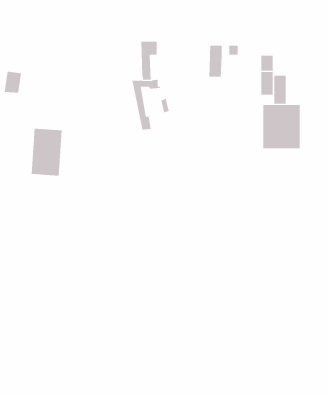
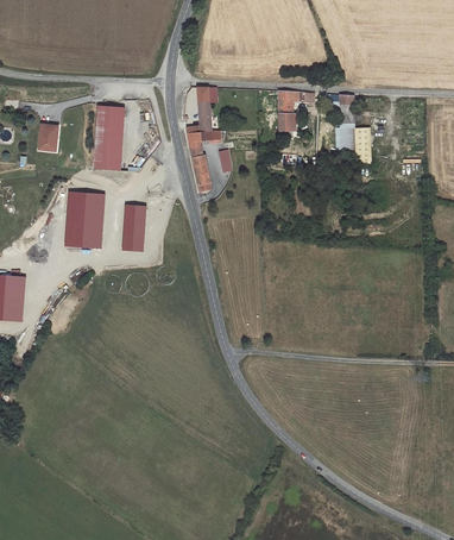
building: none -> [90,105,122,169]
building: [263,104,300,149] -> none
building: none -> [124,203,147,249]

